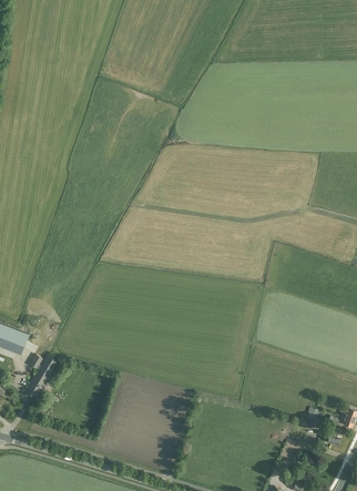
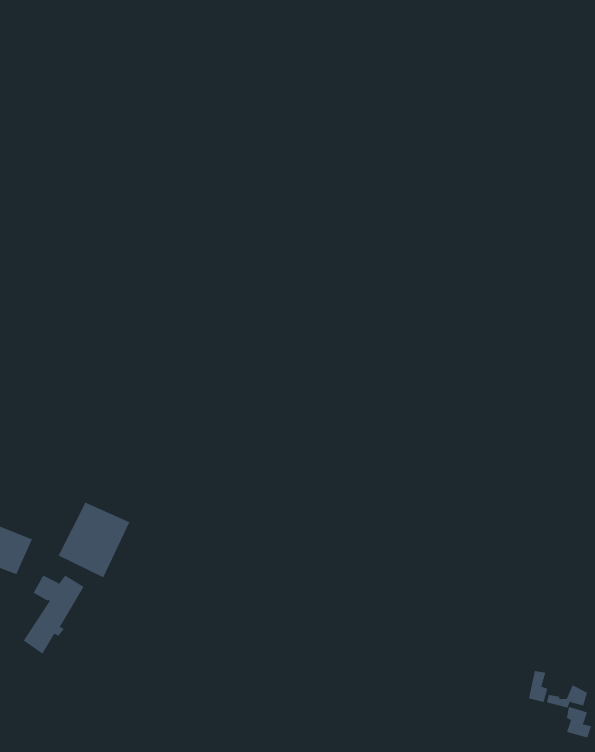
building: none -> [58,502,130,578]

